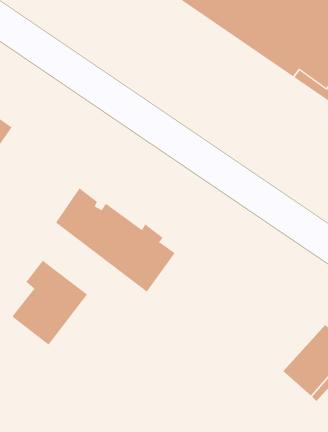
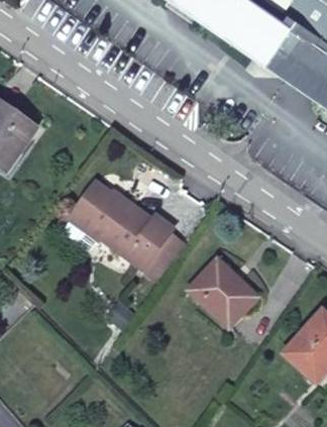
building: [12,260,88,346] -> none
building: none -> [188,257,257,326]

